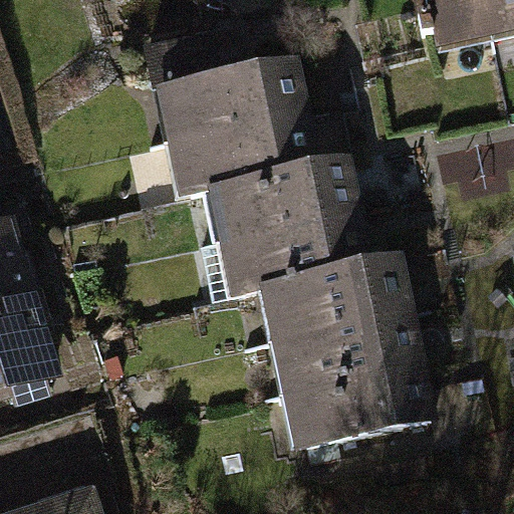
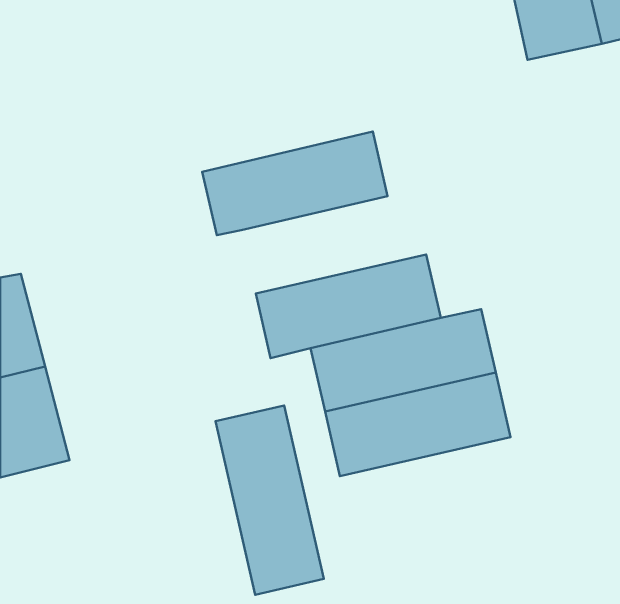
building: [157,56,309,142] -> none
building: [201,157,353,242] -> none
building: none -> [215,405,324,595]
building: [282,360,435,445] -> none

